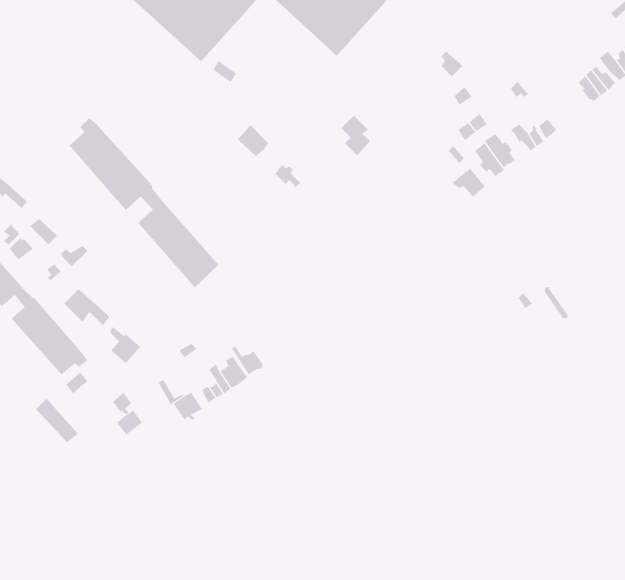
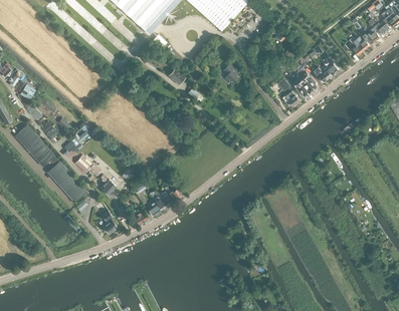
building: [69,118,219,288] -> none

